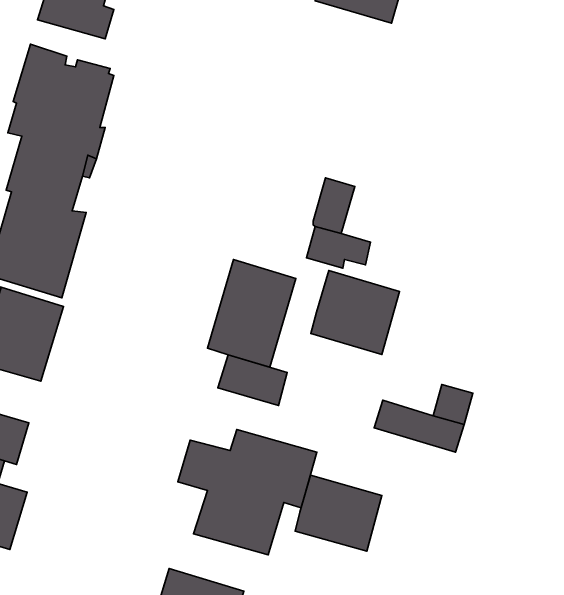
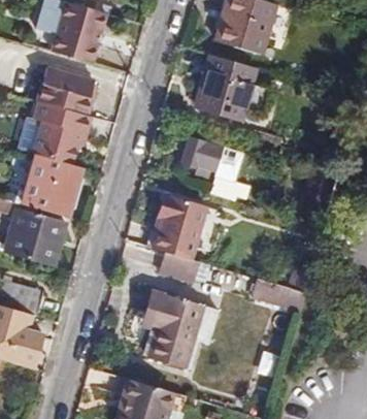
building: none -> [195,53,268,121]
building: none -> [182,136,223,180]
building: [311,271,400,354] -> none
building: [295,475,382,551] -> none

